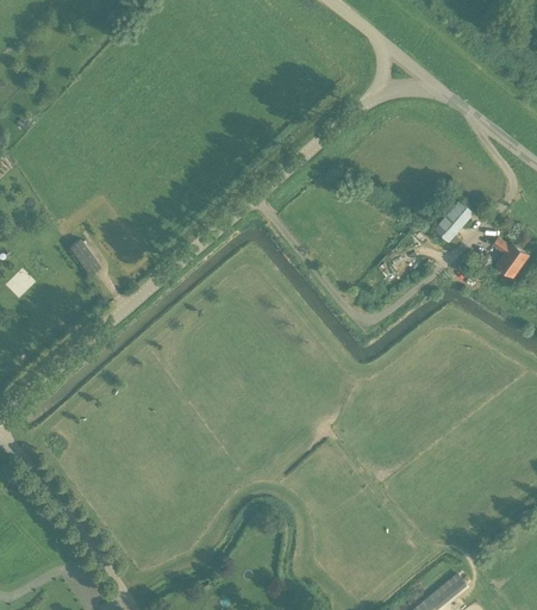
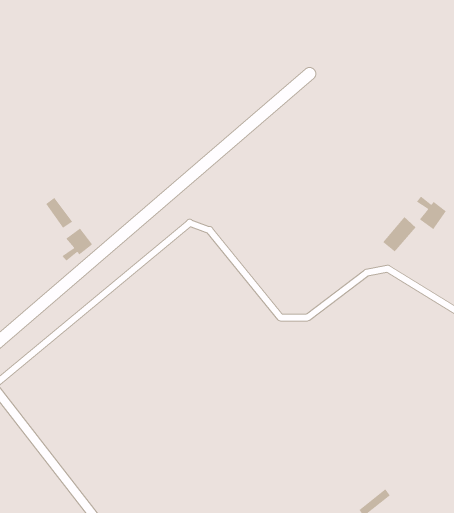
building: [433,200,473,242] -> [382,216,417,252]
building: none -> [61,227,93,262]

